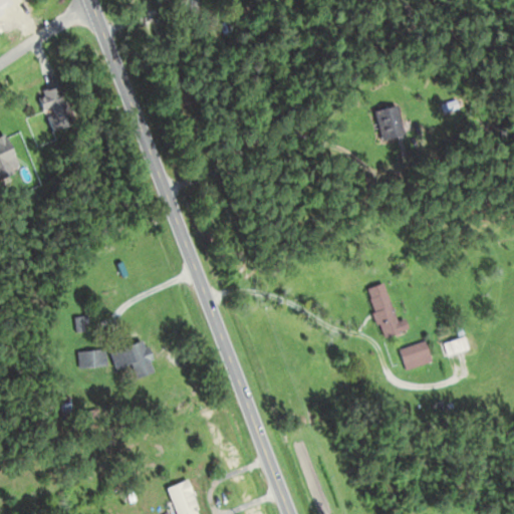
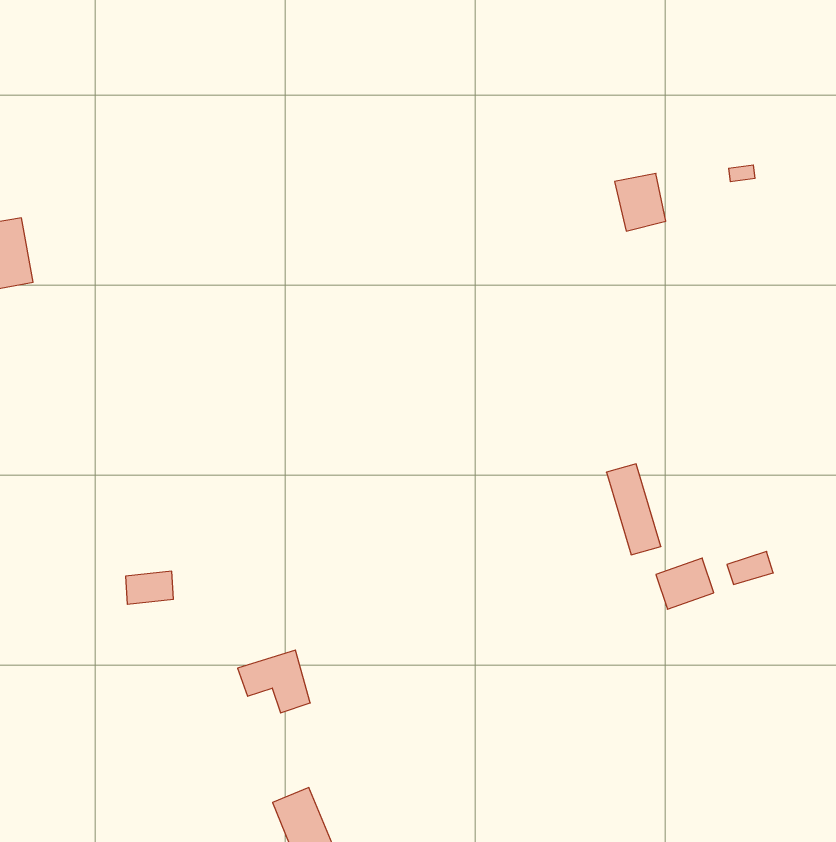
building: [38,85,76,134] -> none
building: [110,340,155,378] -> [238,650,310,713]

